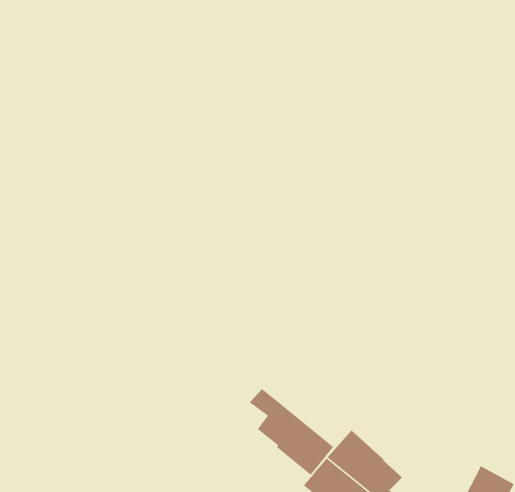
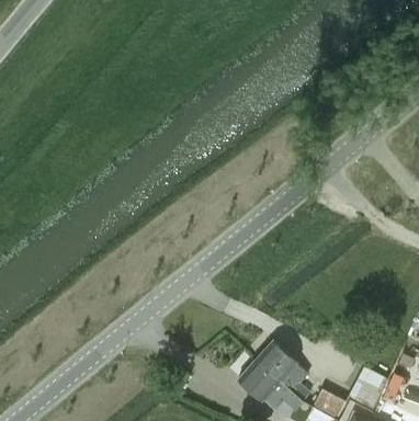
building: [249,388,334,476] -> none

